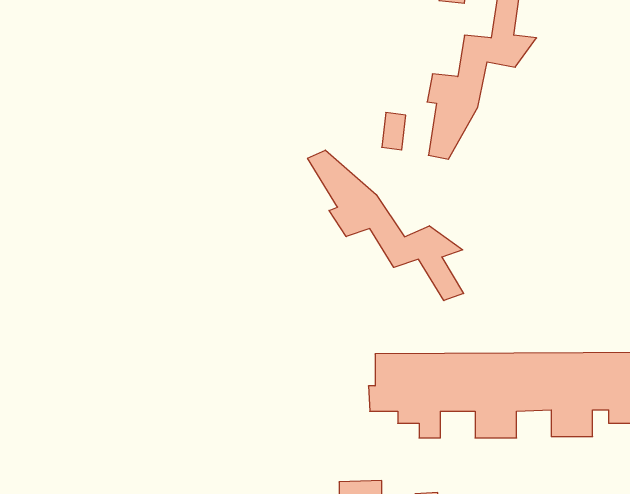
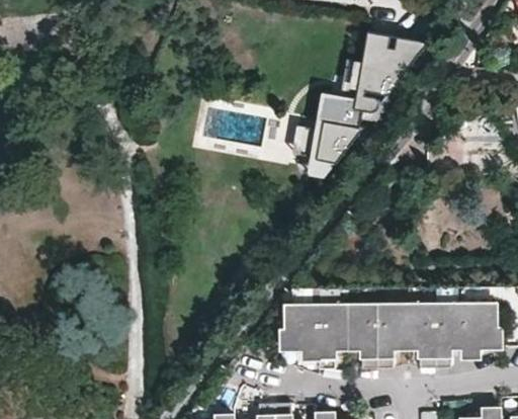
building: [308,150,464,301] -> none

